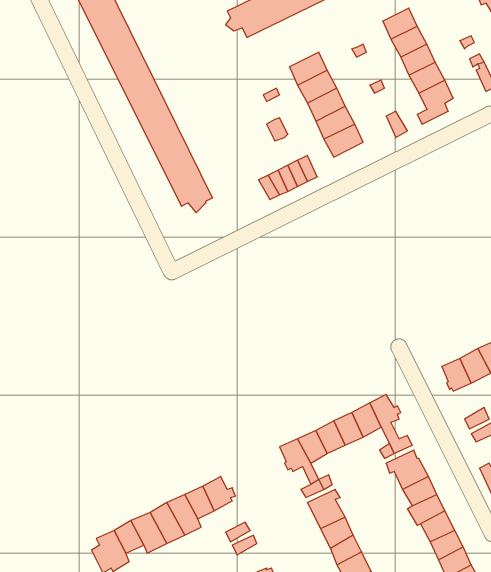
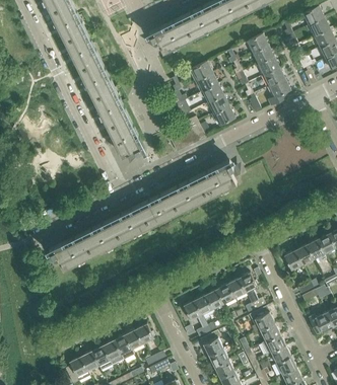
building: none -> [49,162,239,267]

